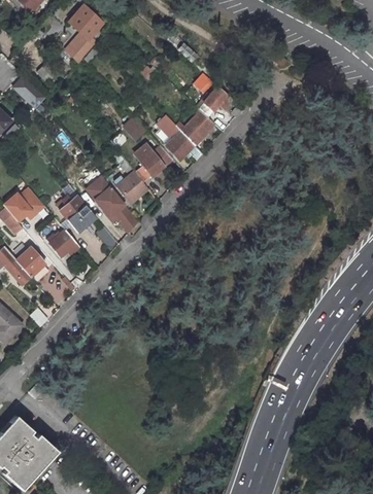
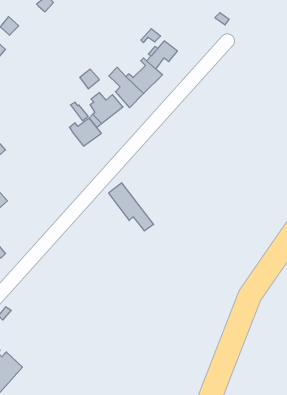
building: [88,177,137,230] -> [109,183,154,231]
building: [60,196,96,234] -> none
building: [48,230,79,256] -> none

